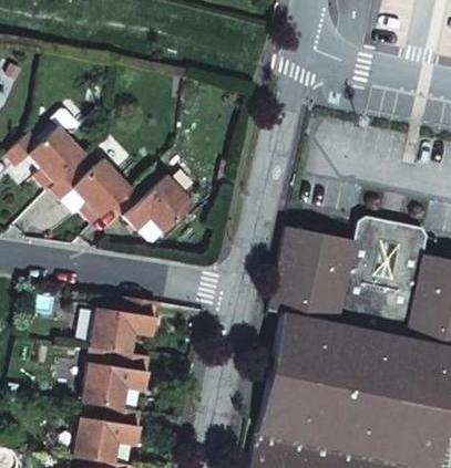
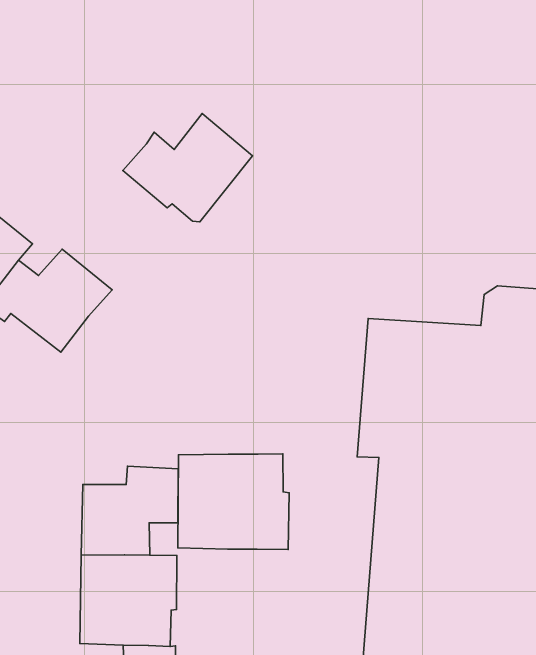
building: [115,174,196,240] -> [123,113,253,222]
building: none -> [178,454,289,550]

